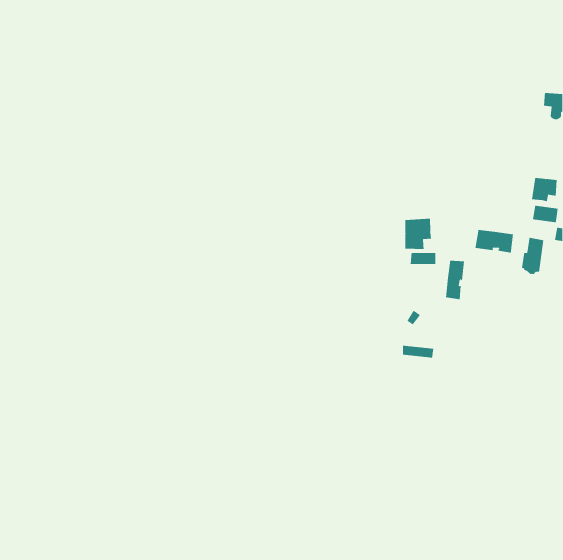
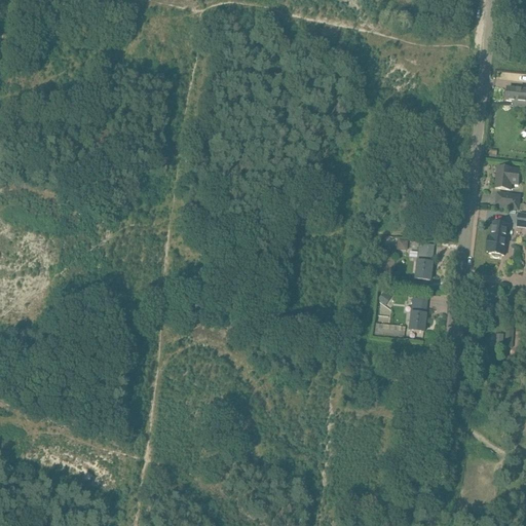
building: [405,218,431,250] -> none
building: [475,229,514,254] -> none
building: none -> [409,294,427,331]

